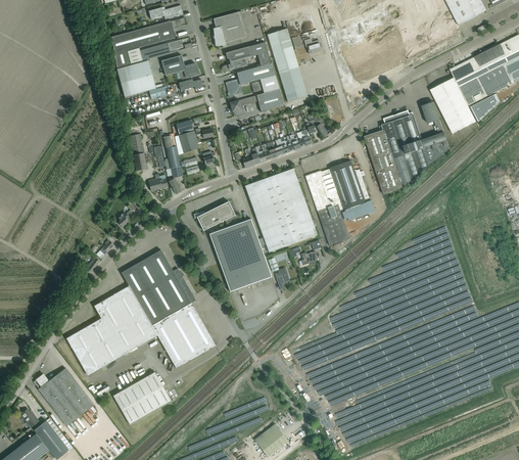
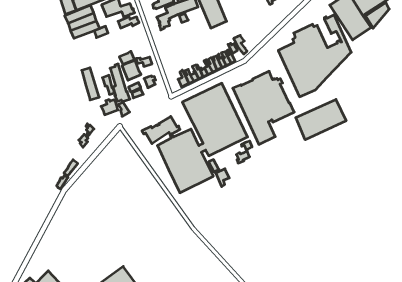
building: [230,88,284,117] -> none
building: none -> [296,99,346,140]
building: [65,248,216,375] -> none

